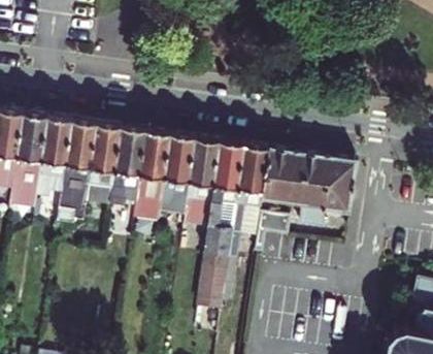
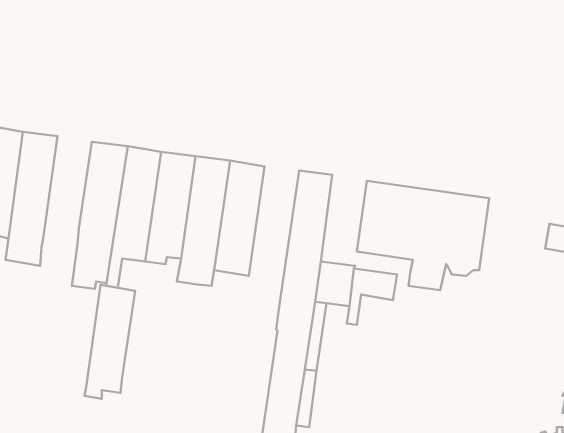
building: [36,117,72,198] -> [85,285,135,399]
building: [182,138,221,232] -> none
building: [236,144,269,210] -> none

